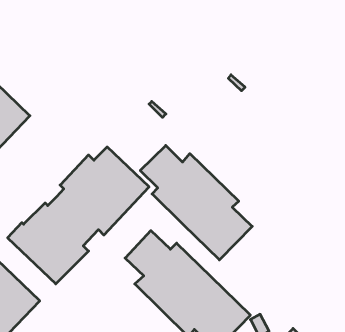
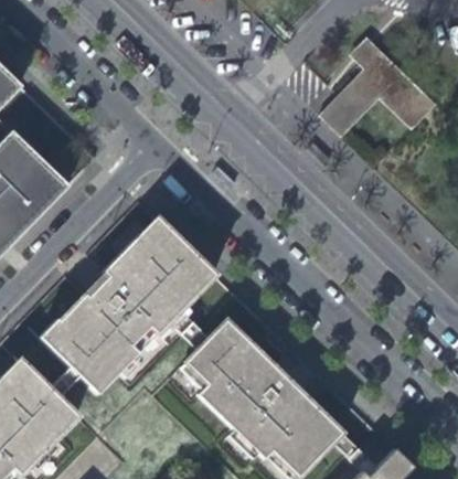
building: none -> [319,50,436,139]
building: [140,145,252,260] -> none

